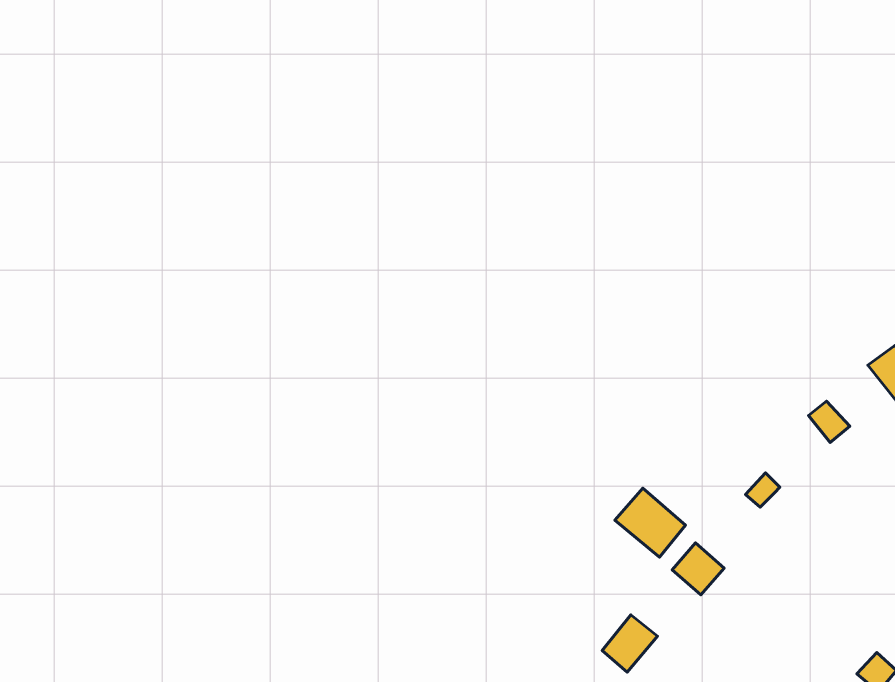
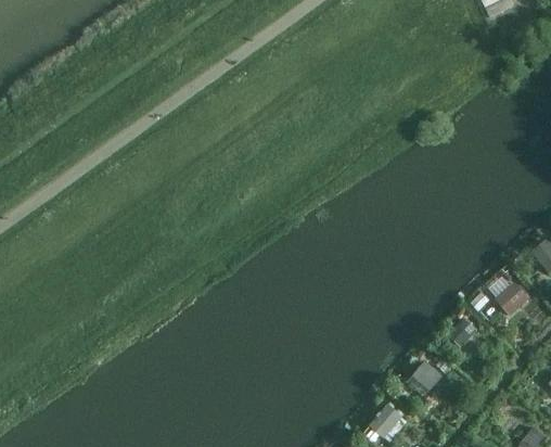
building: [615,488,685,557] -> none

